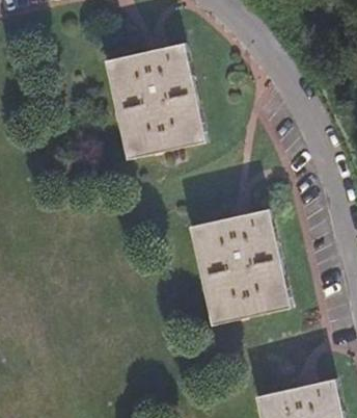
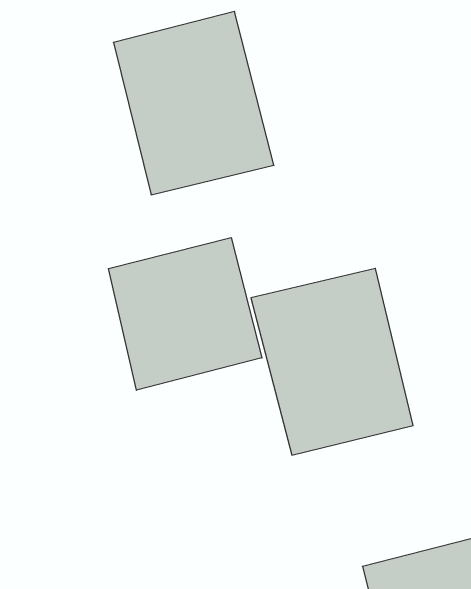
building: none -> [109,238,262,390]

